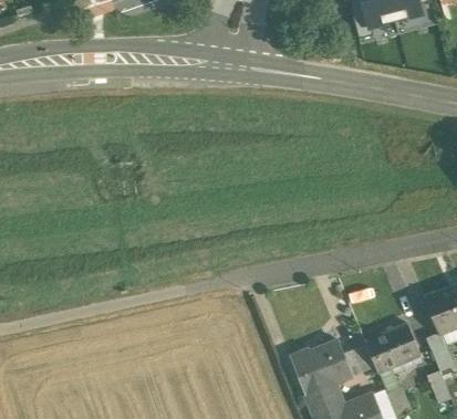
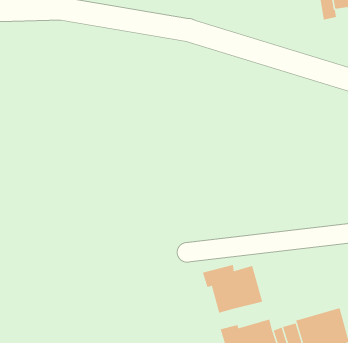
building: none -> [202,264,263,314]

